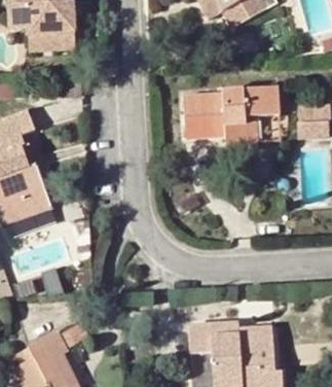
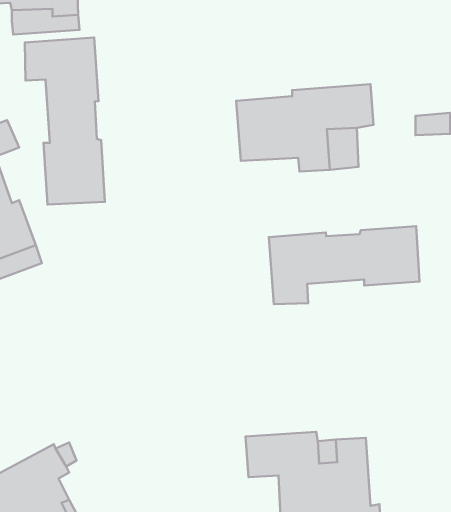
building: none -> [25,38,105,205]
building: none -> [269,226,420,304]

